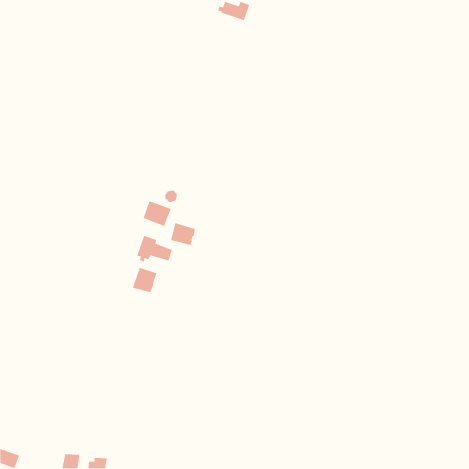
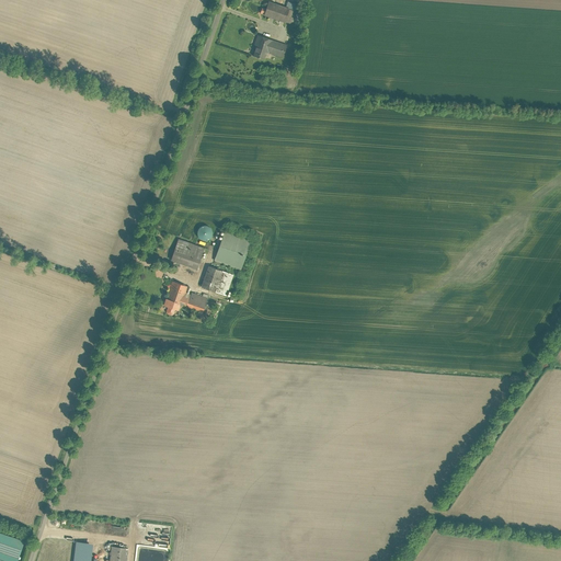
building: none -> [251,35,285,60]
building: none -> [214,232,251,272]
building: [132,267,158,293] -> none

